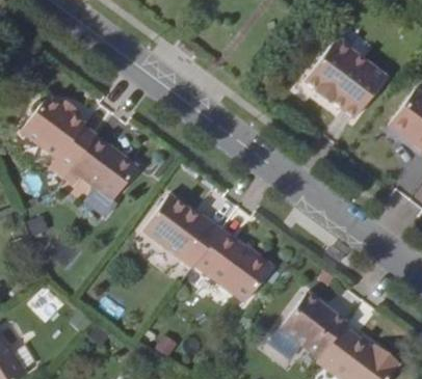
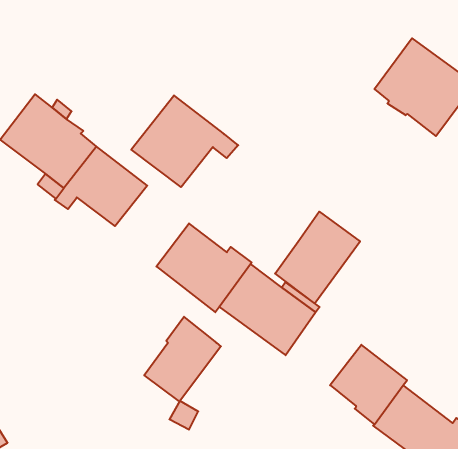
building: none -> [131,95,238,187]
building: none -> [275,212,360,303]
building: none -> [144,317,221,401]

